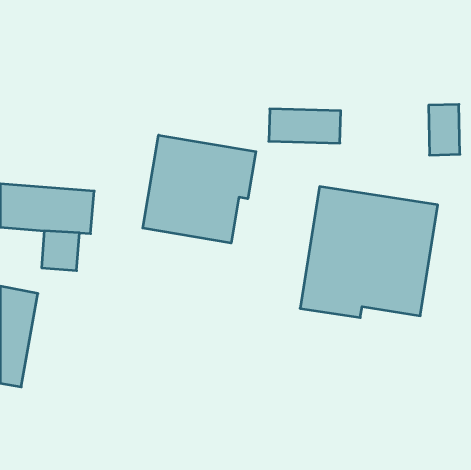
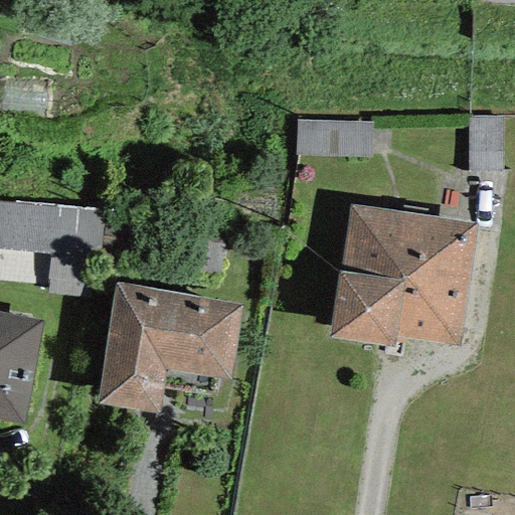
building: [143,135,256,243] -> none
building: none -> [95,283,242,412]

